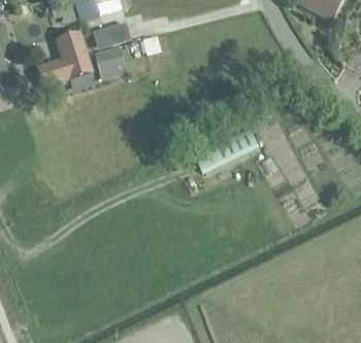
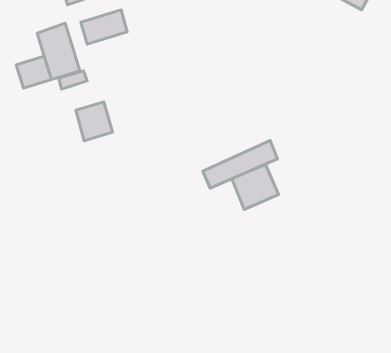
building: [94,44,125,77] -> [76,102,112,141]
building: none -> [232,164,279,209]

